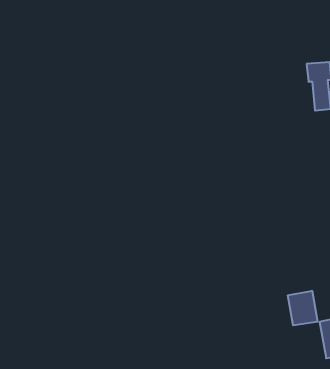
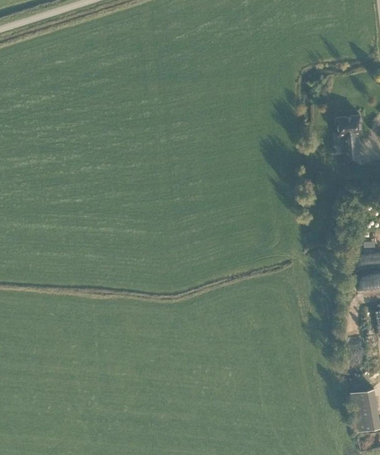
building: [288,291,318,325] -> none

